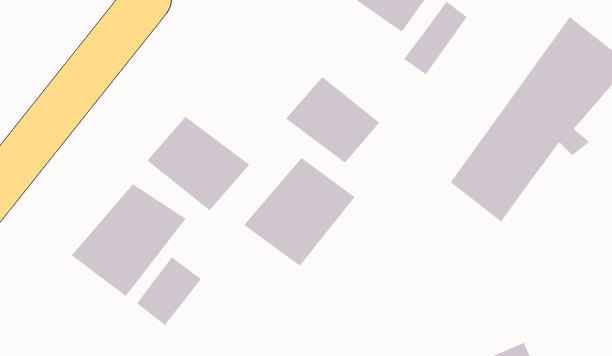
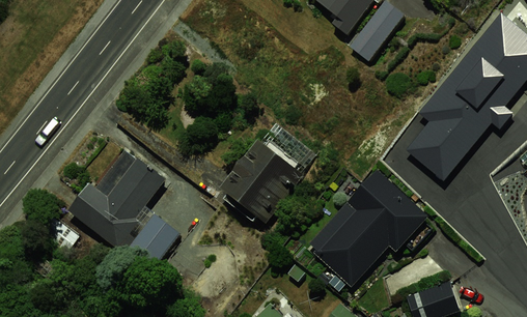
building: [285,76,380,164] -> none
building: [147,116,250,211] -> none
building: none -> [308,176,423,286]

